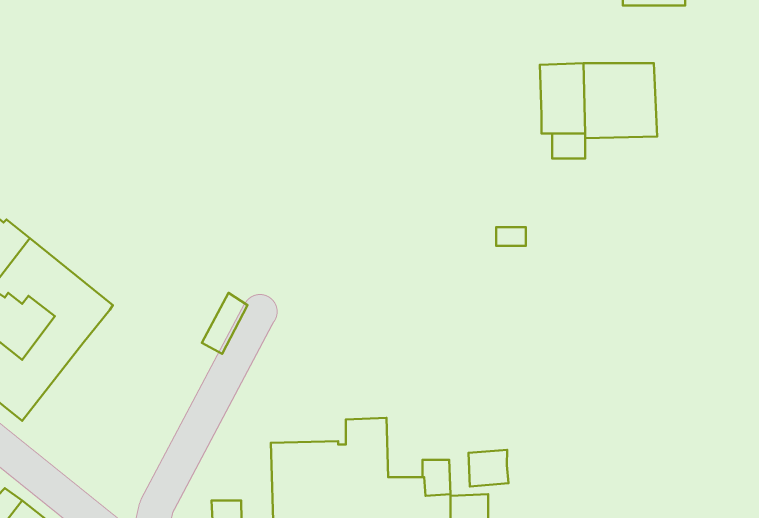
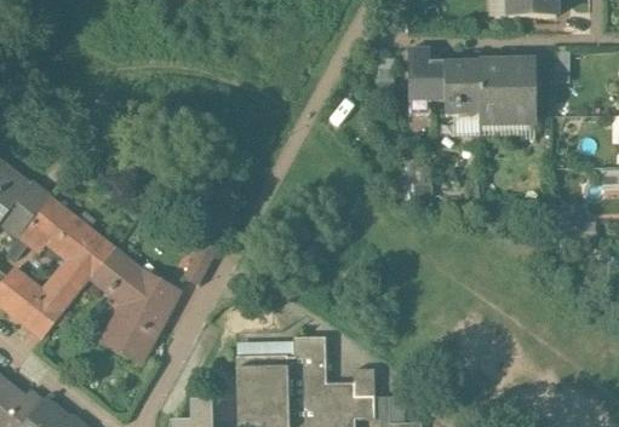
building: none -> [407,47,445,114]
building: none -> [90,252,177,360]
building: [468,450,509,486] -> none

